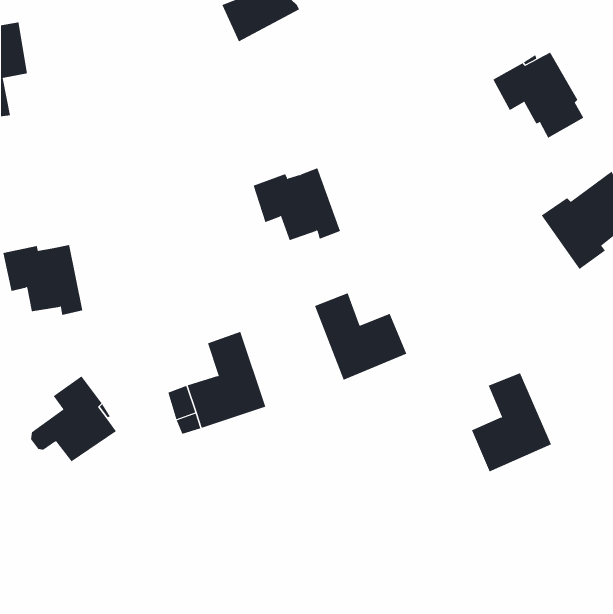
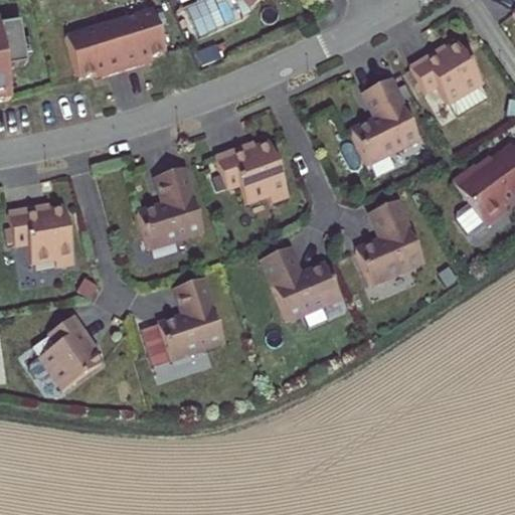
building: none -> [67,6,162,74]
building: none -> [353,77,420,162]
building: none -> [137,167,204,248]
building: [471,372,552,472] -> [356,200,423,284]

